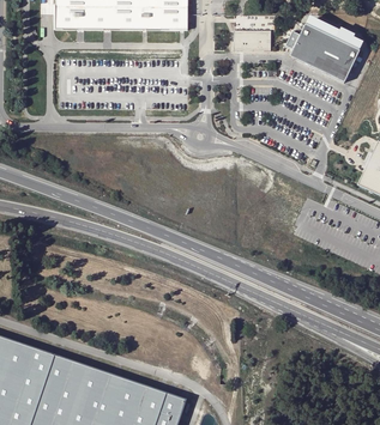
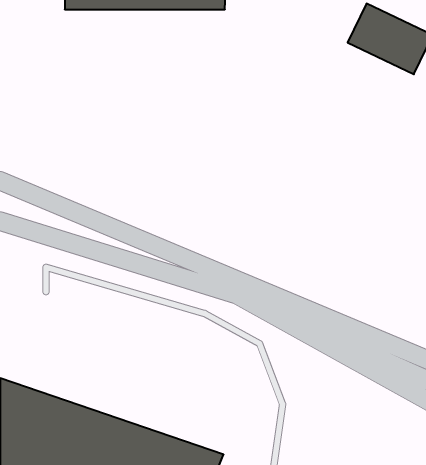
building: [234,30,271,50] -> none

